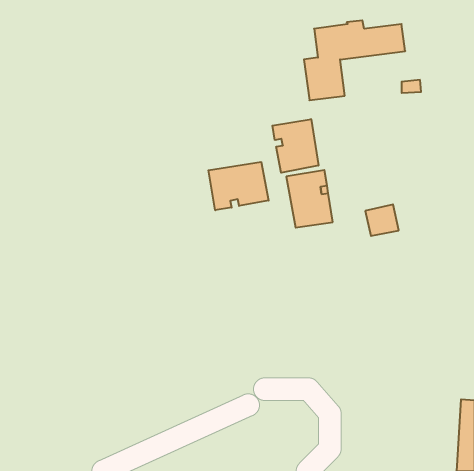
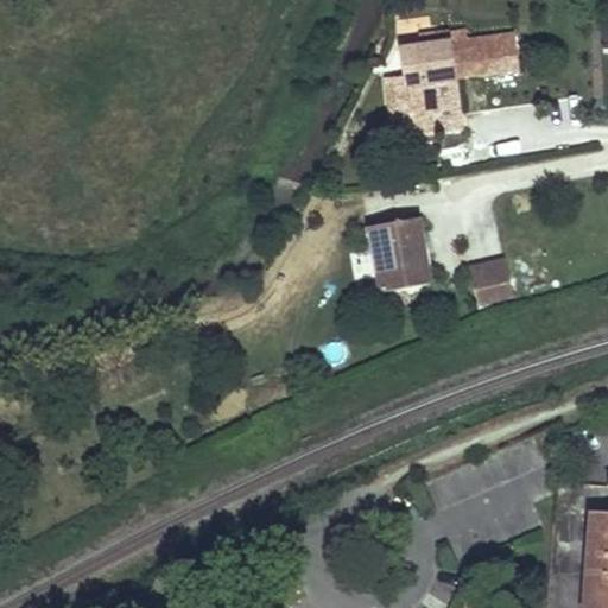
building: [272,119,318,173] -> none
building: [208,162,269,210] -> none

